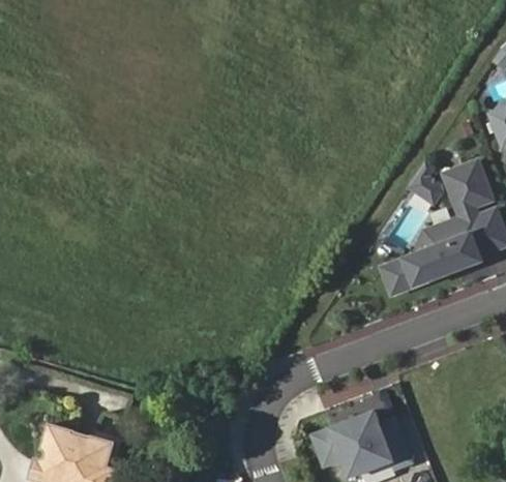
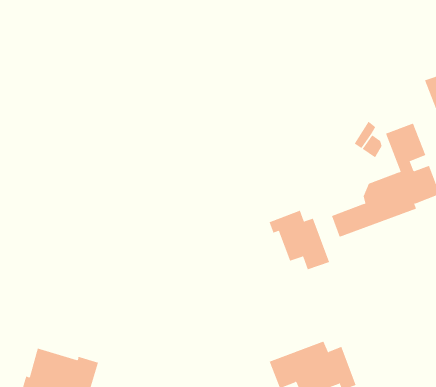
building: none -> [269,210,330,270]

